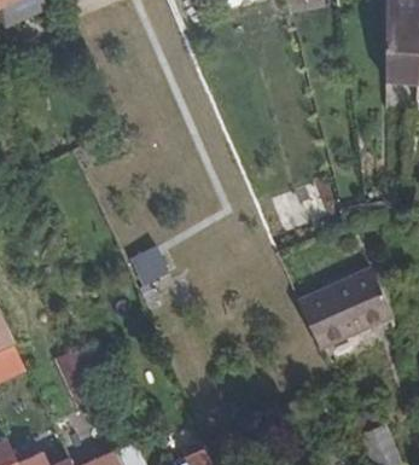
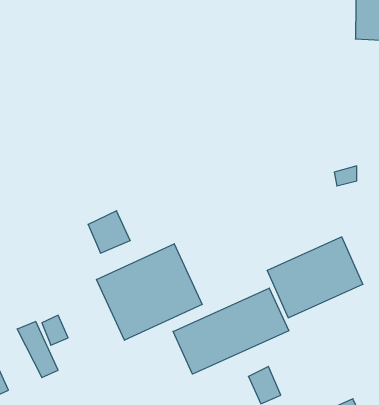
building: none -> [97,244,202,340]
building: none -> [173,288,289,374]

